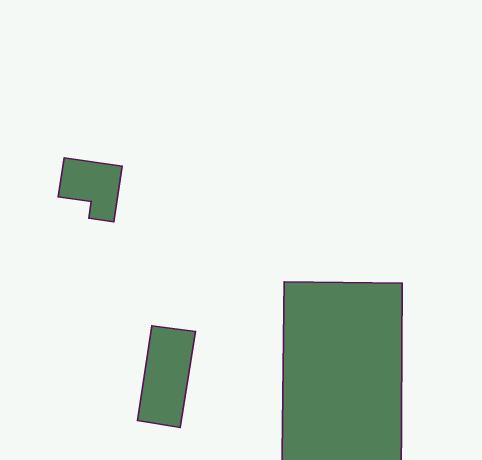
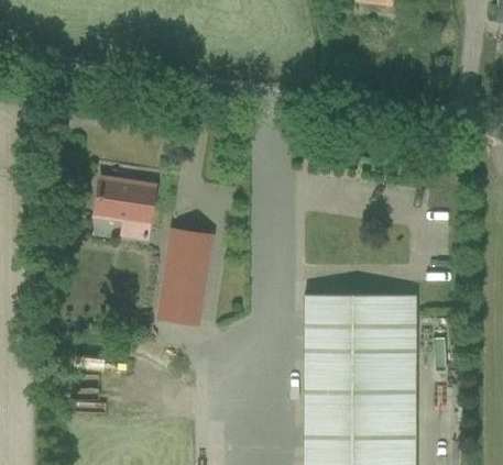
building: [137,326,195,427] -> [158,230,212,324]

